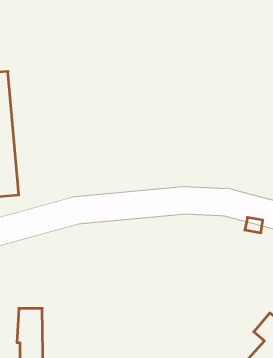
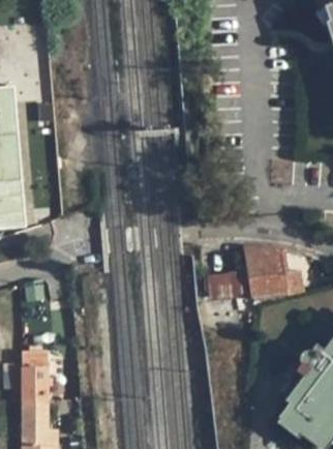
building: none -> [245,249,283,299]
building: none -> [203,268,245,298]

